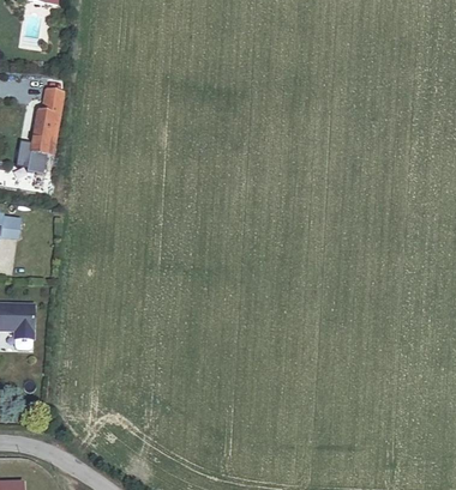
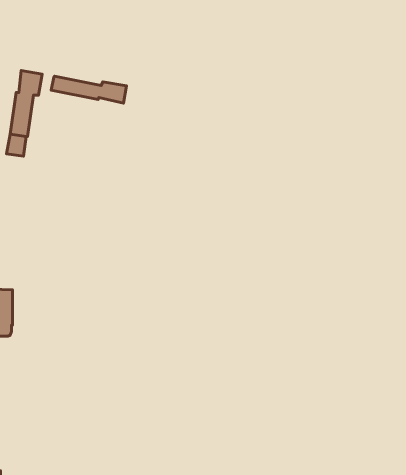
building: none -> [51,76,126,103]

